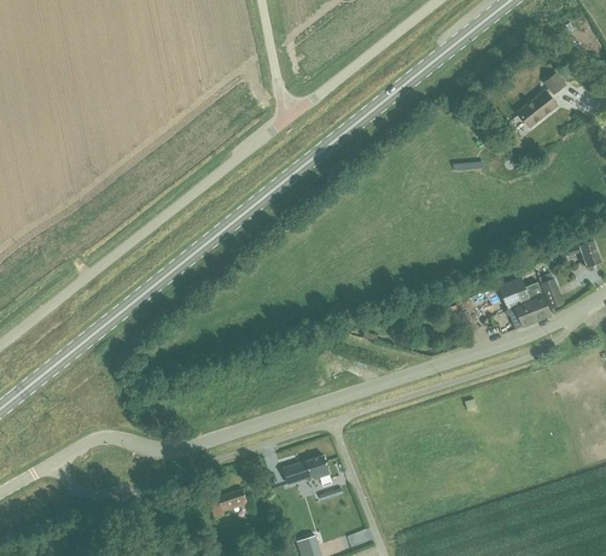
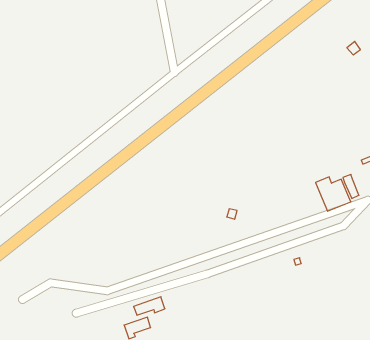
building: [518,90,557,127] -> none
building: [285,455,332,482] -> [134,297,165,315]

